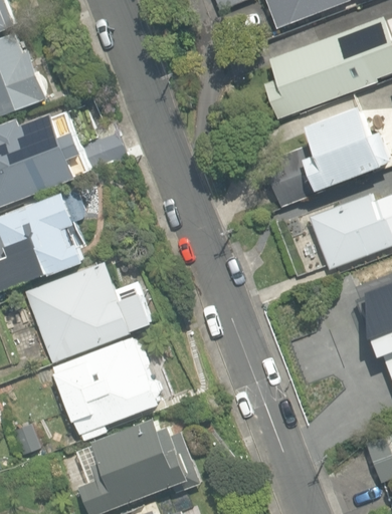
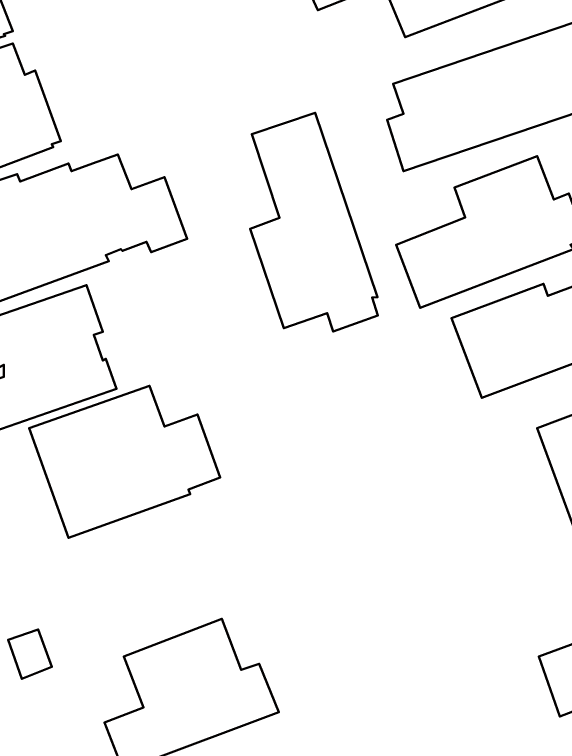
building: none -> [250,113,378,332]
building: [54,335,162,441] -> none

